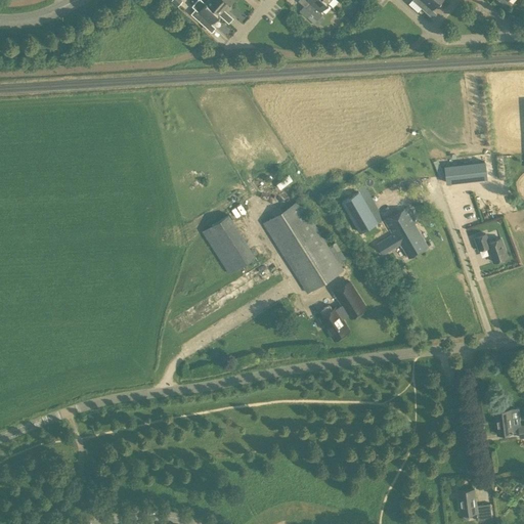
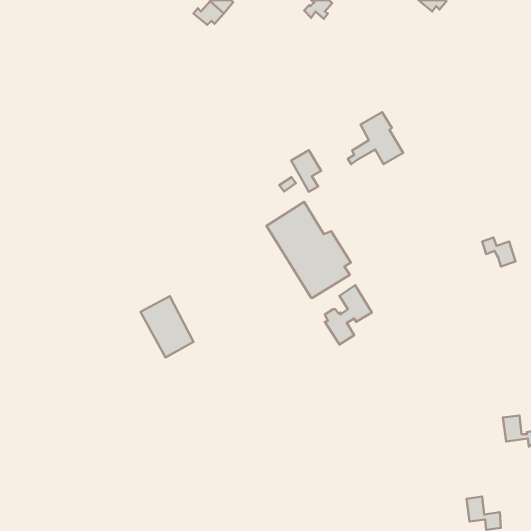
building: [444,162,488,183] -> none
building: [343,191,373,232] -> [291,150,321,192]
building: [375,207,429,258] -> [348,112,403,164]
building: [201,213,253,273] -> [141,296,194,357]

